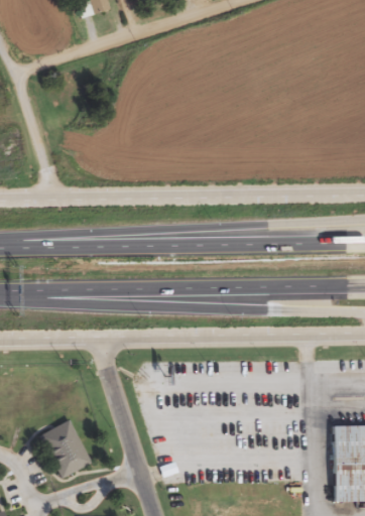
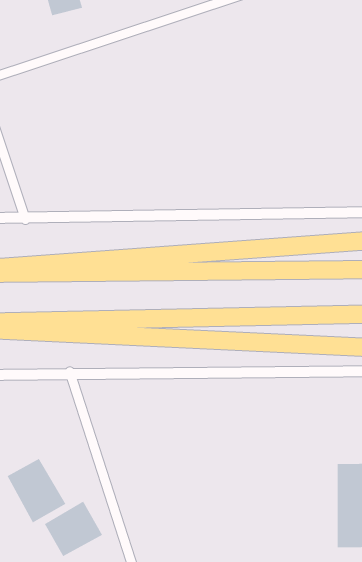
building: none -> [44,500,103,557]

